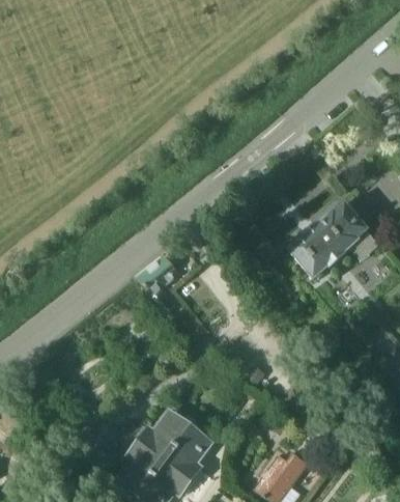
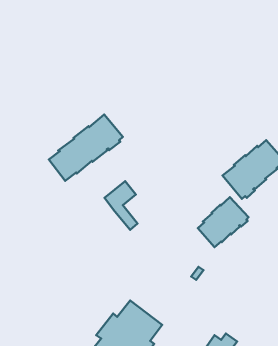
building: none -> [49,115,123,181]
building: none -> [198,197,249,247]

